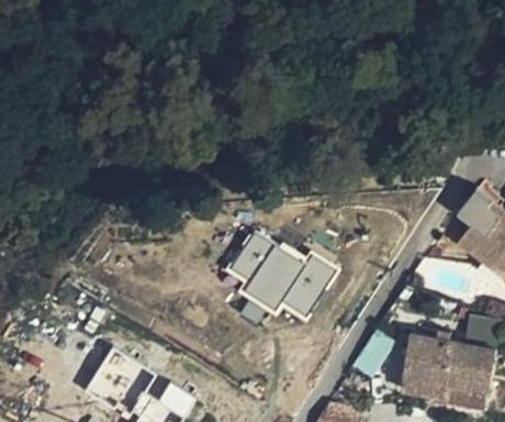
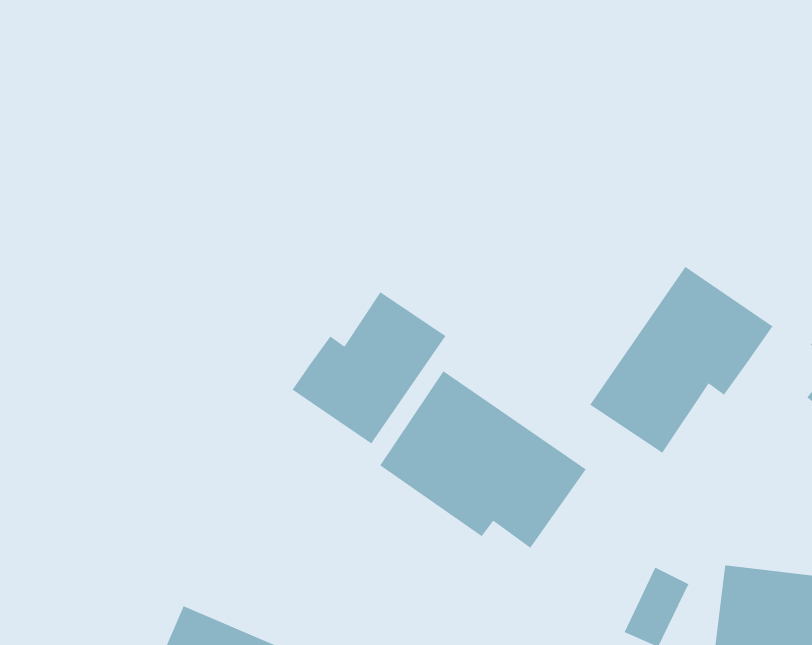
building: none -> [589,266,774,454]
building: none -> [291,291,446,445]

